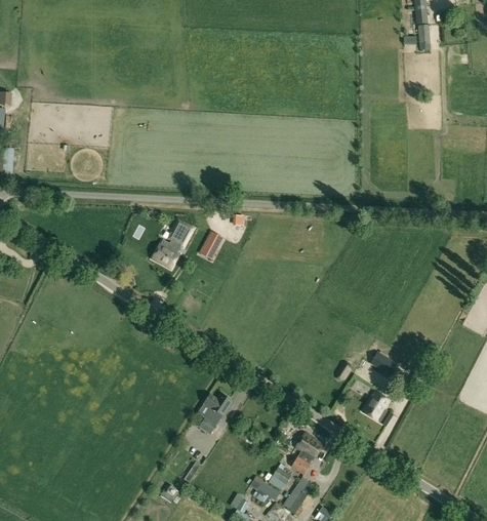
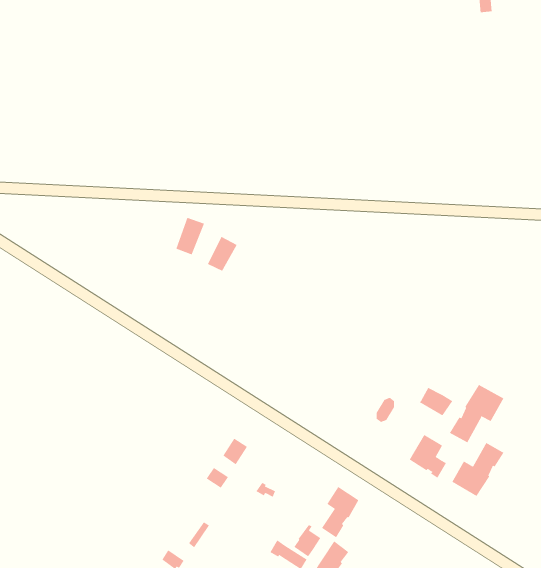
building: [152,242,179,268] -> none
building: none -> [449,384,504,443]
building: none -> [451,442,504,497]

